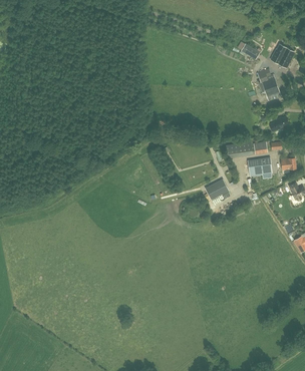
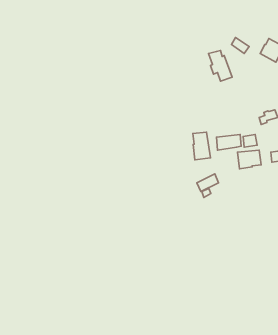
building: [257,69,281,100] -> [209,51,232,81]
building: none -> [193,132,210,160]

